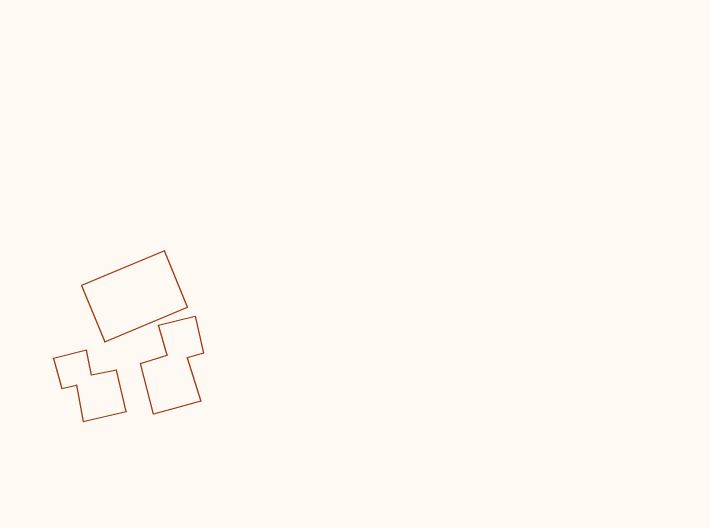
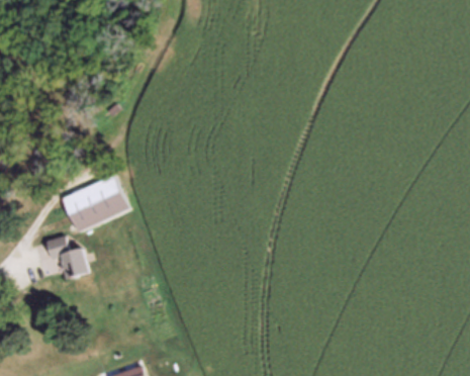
building: [141,316,203,414] -> none

